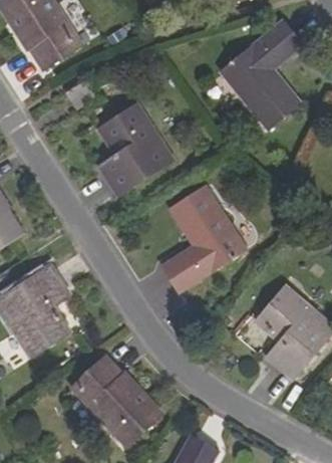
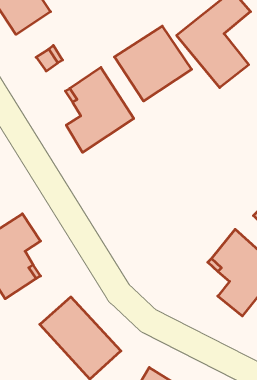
building: none -> [114,26,192,101]
building: [161,188,246,293] -> none

